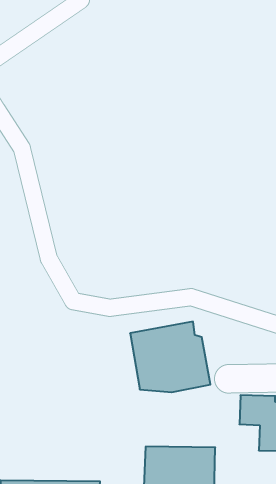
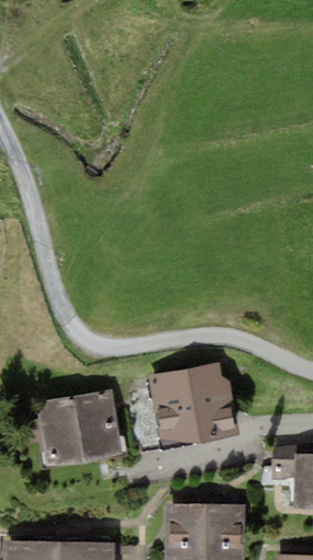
building: none -> [37,389,124,467]

